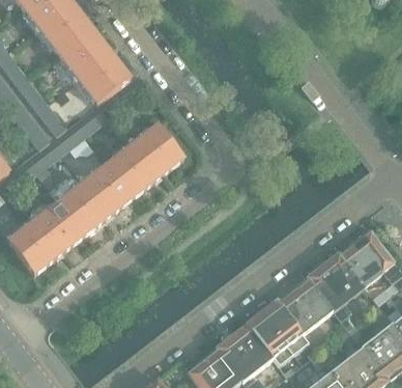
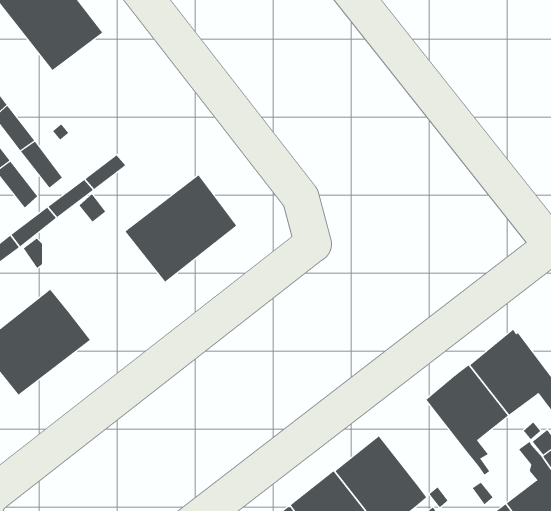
building: [59,29,130,103] -> none
building: [58,163,135,235] -> none
building: [279,276,336,333] -> none

